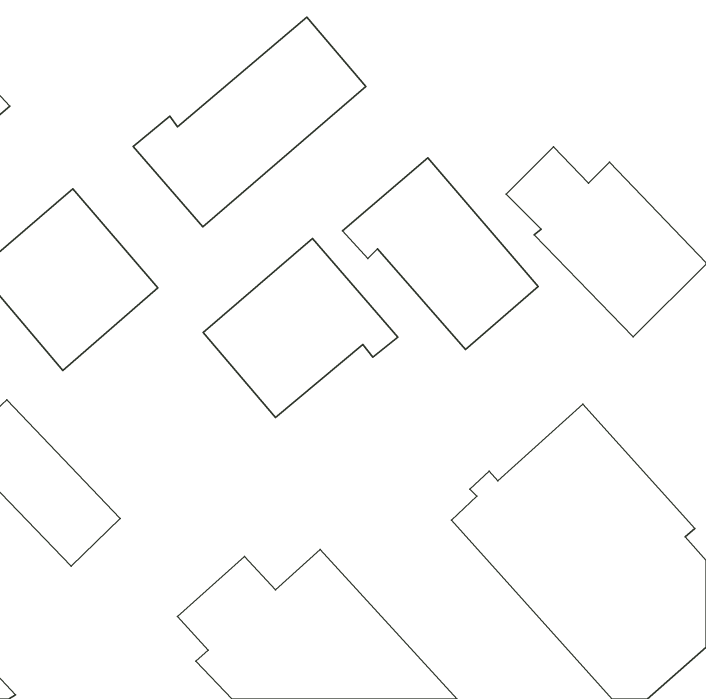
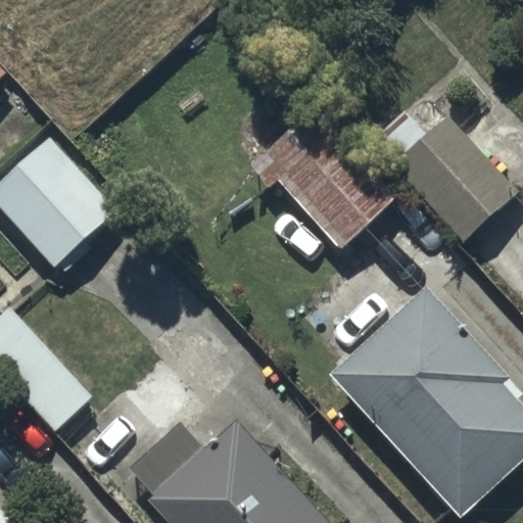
building: [133,17,366,227] -> none
building: [203,238,398,418] -> none

